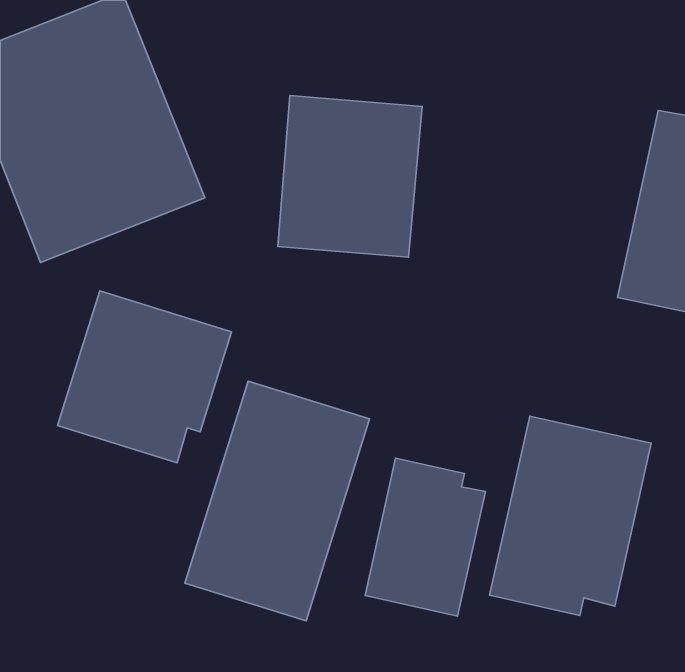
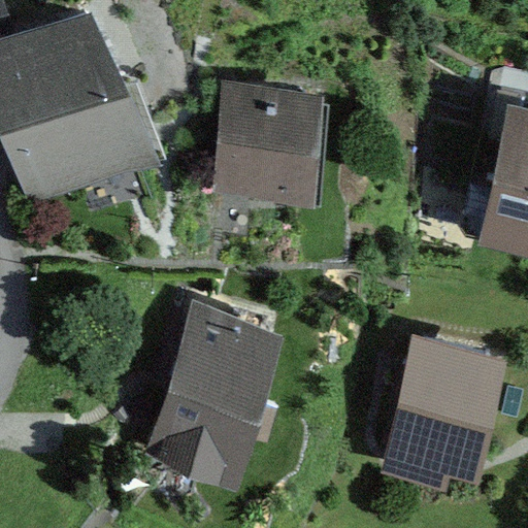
building: [57,291,232,463] -> none
building: [365,458,485,616] -> none

